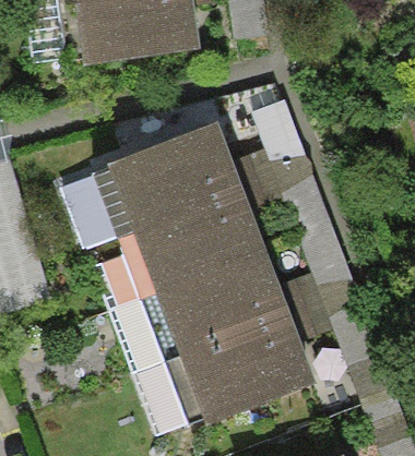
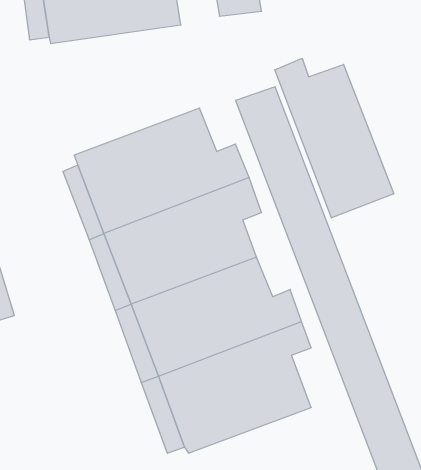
building: none -> [275,58,394,218]

